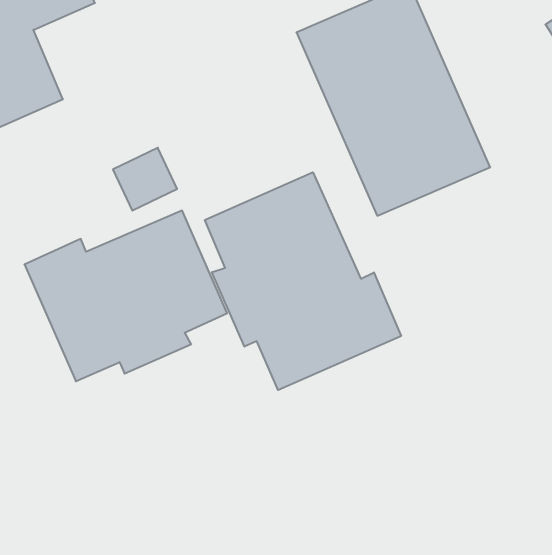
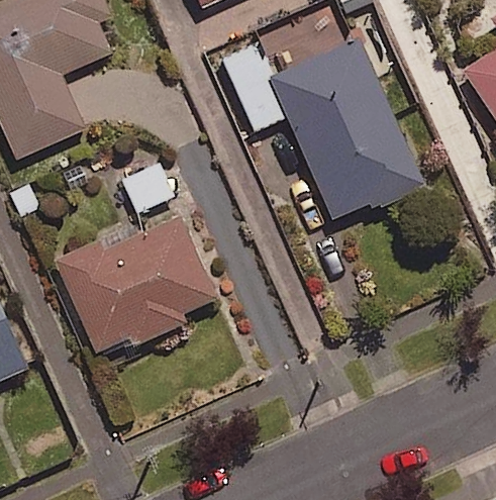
building: [205,172,401,390] -> none

